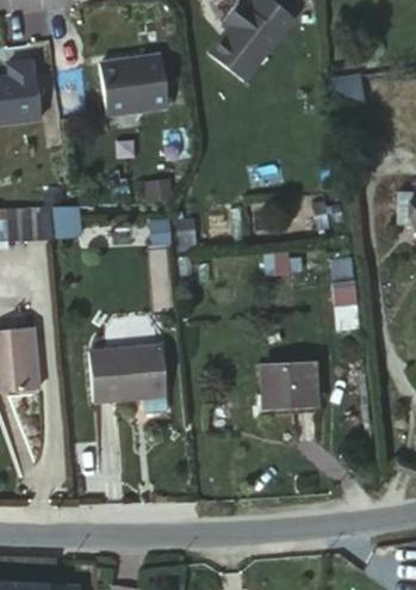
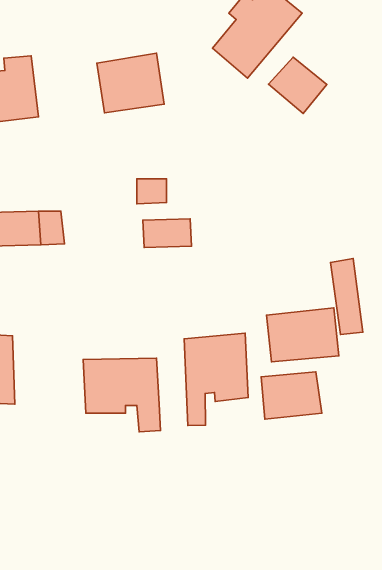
building: none -> [268,57,327,114]
building: none -> [267,308,339,362]
building: none -> [184,333,248,426]

